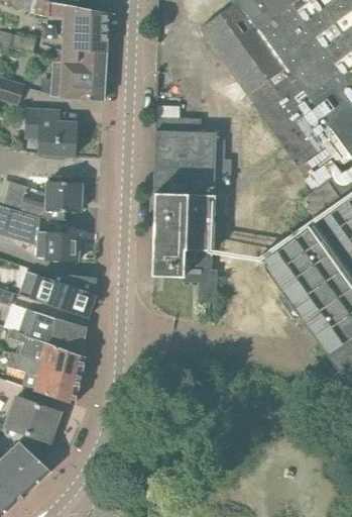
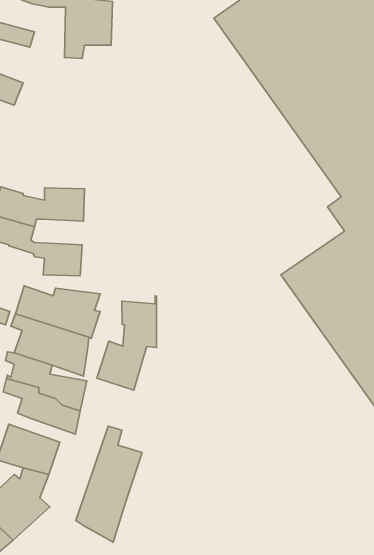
building: [49,51,106,100] -> none
building: [24,109,76,156] -> none
building: [152,116,232,302] -> none
building: none -> [97,296,157,390]
building: none -> [76,426,142,542]

